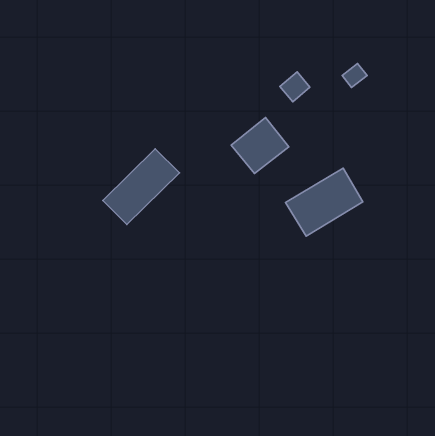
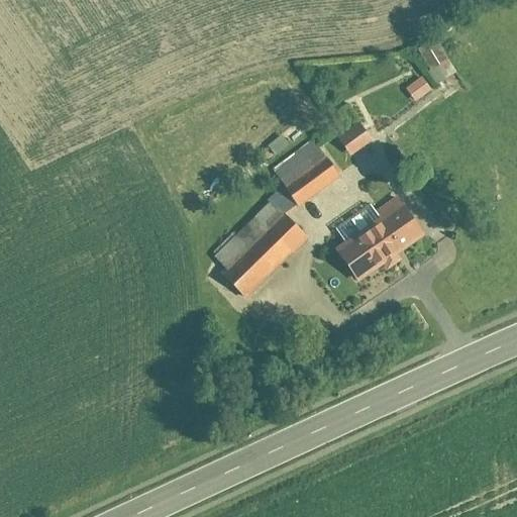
building: [280,72,310,102] -> [339,120,375,156]
building: [103,149,179,224] -> [214,205,304,294]

